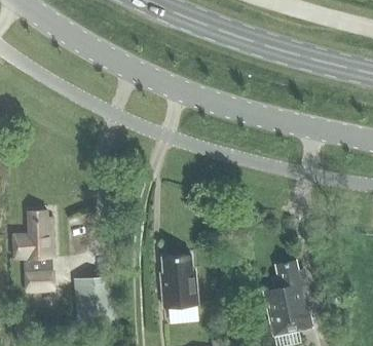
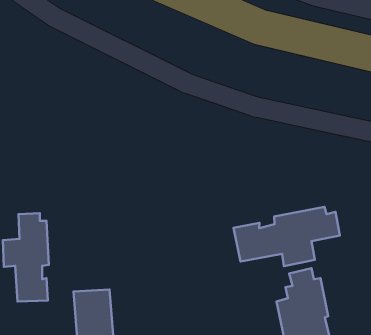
building: none -> [233,207,340,266]
building: [159,254,197,307] -> none

